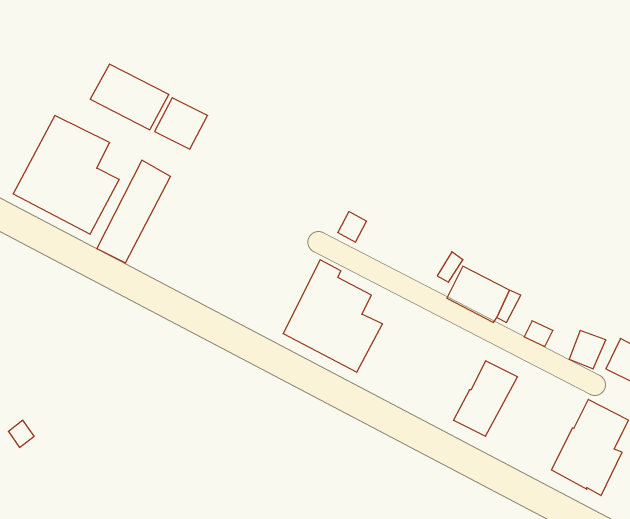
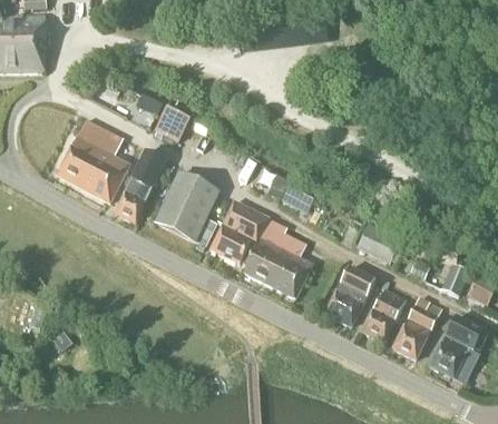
building: none -> [154,170,221,246]
building: none -> [211,200,268,263]
building: none -> [325,266,375,326]
building: none -> [393,297,441,358]

